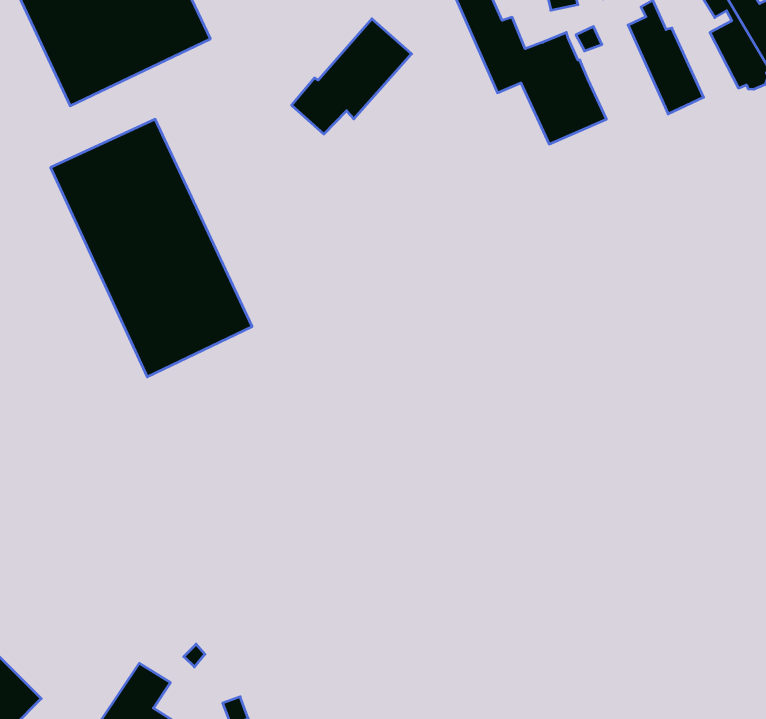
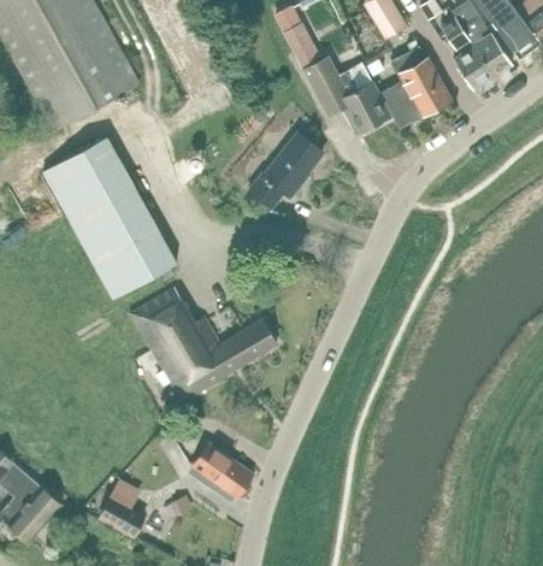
building: [292,19,412,134] -> [249,132,323,207]
building: none -> [380,57,430,126]
building: none -> [130,287,277,401]
building: none -> [193,443,253,501]

